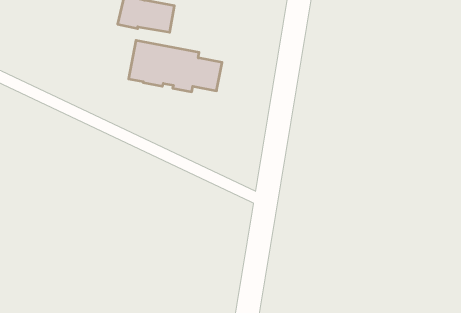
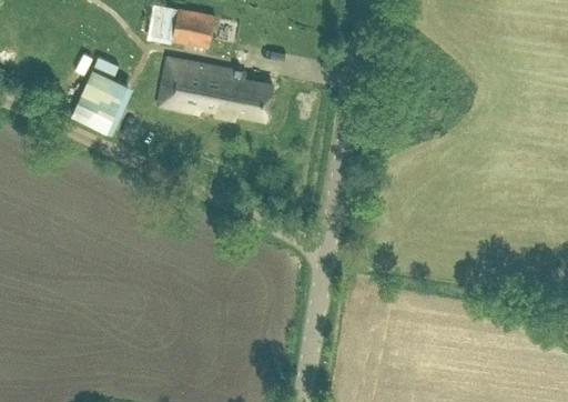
building: none -> [71,69,132,134]

